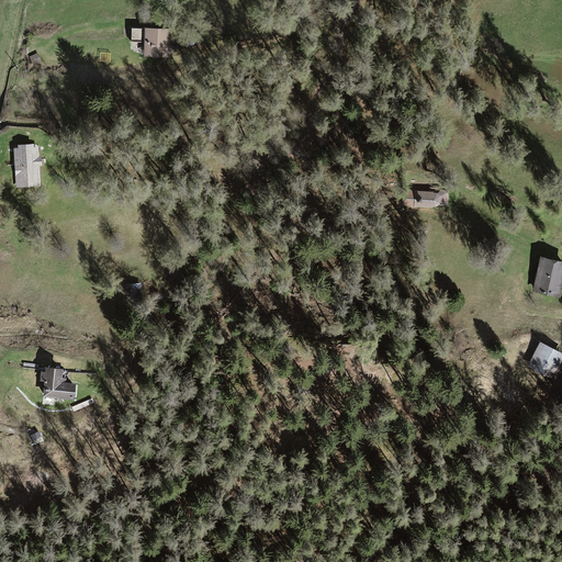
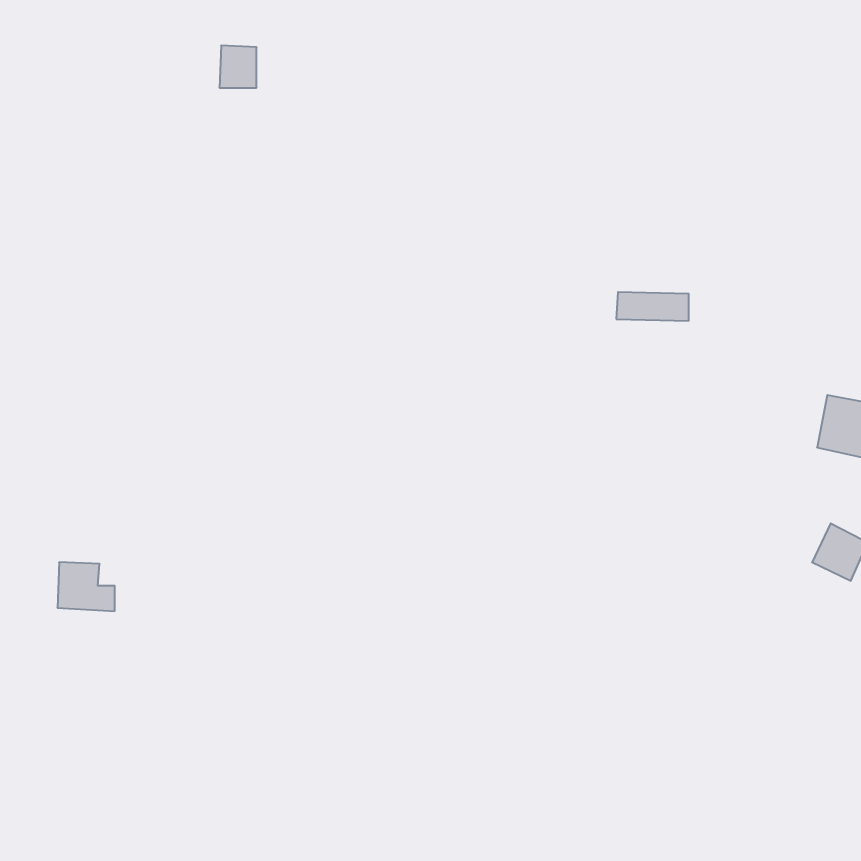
building: [14,144,43,188] -> none

